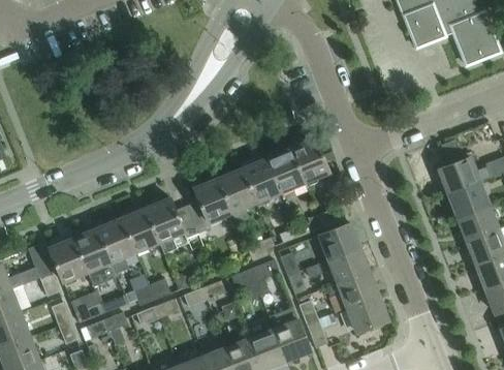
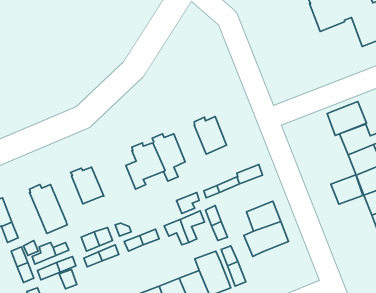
building: none -> [327,102,367,136]
building: [290,138,329,182] -> none
building: [242,158,281,202] -> none
building: [146,198,197,254] -> none
building: none -> [331,175,363,204]
building: [97,218,135,272] -> none
building: [318,223,359,260] -> none
building: [48,238,87,282] -> none
building: [347,296,387,332] -> none

